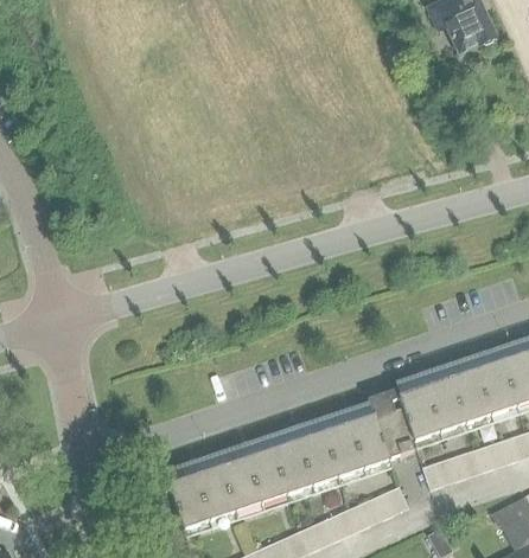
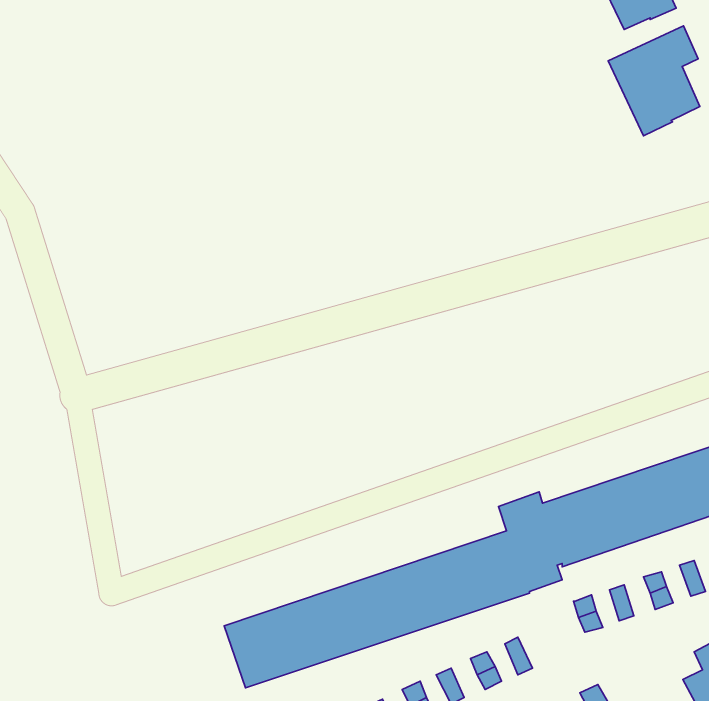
building: none -> [608,26,700,136]

